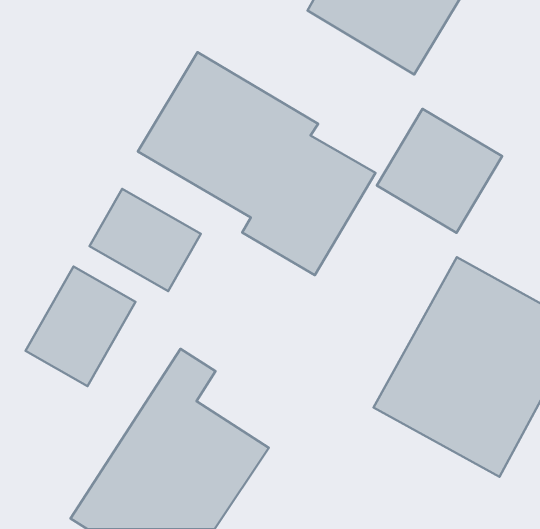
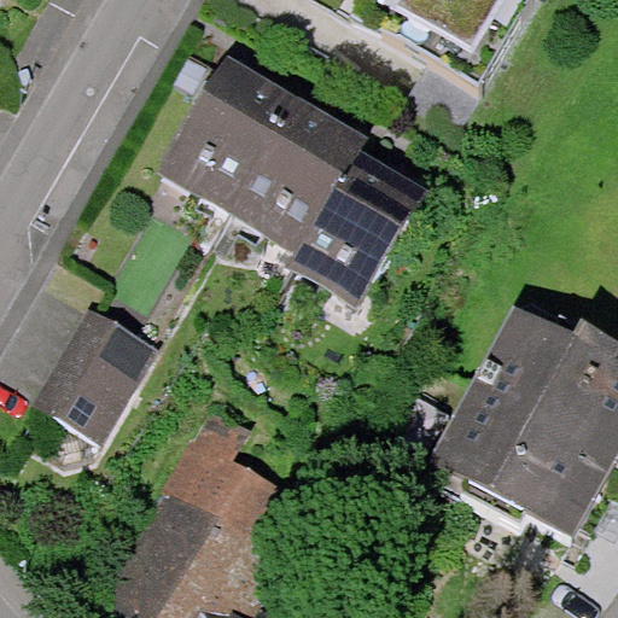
building: [377,109,502,233] -> none
building: [89,189,201,291] -> none

